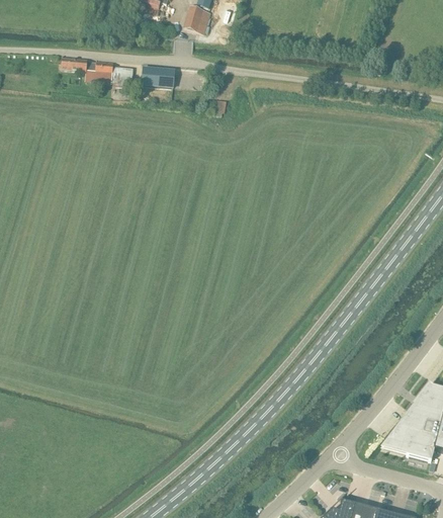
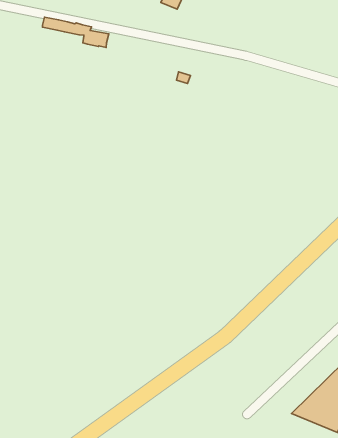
building: [141,67,174,88] -> none

